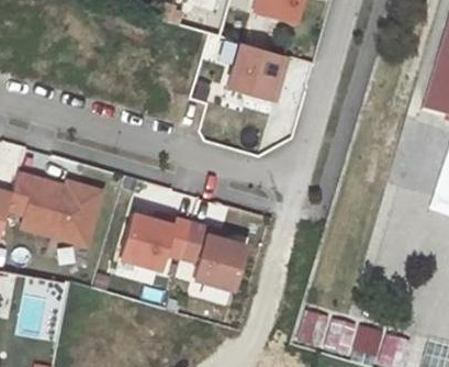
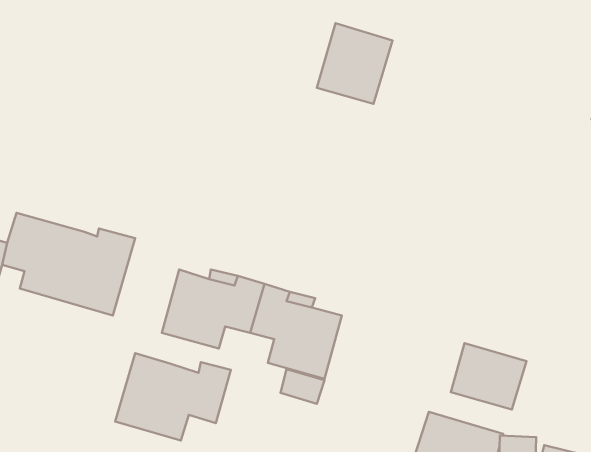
building: none -> [451,343,527,410]
building: none -> [115,353,231,441]

